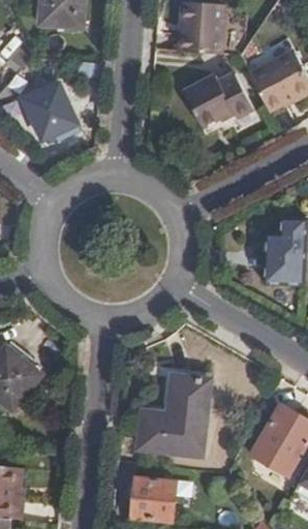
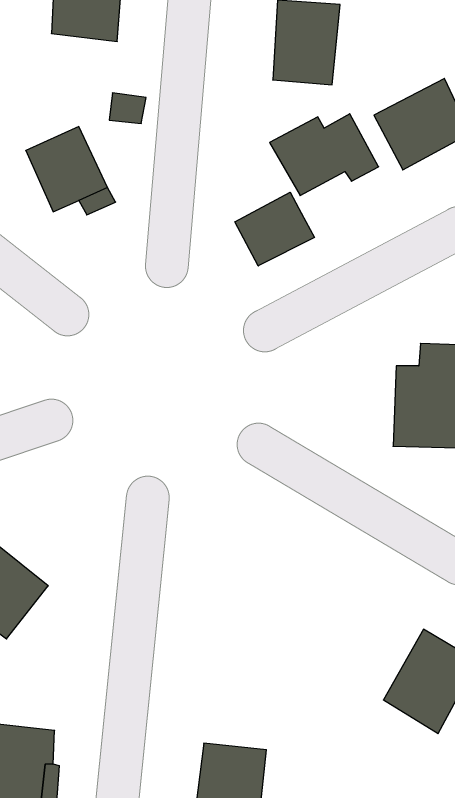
building: none -> [235,192,314,266]
building: [138,374,208,453] -> none

